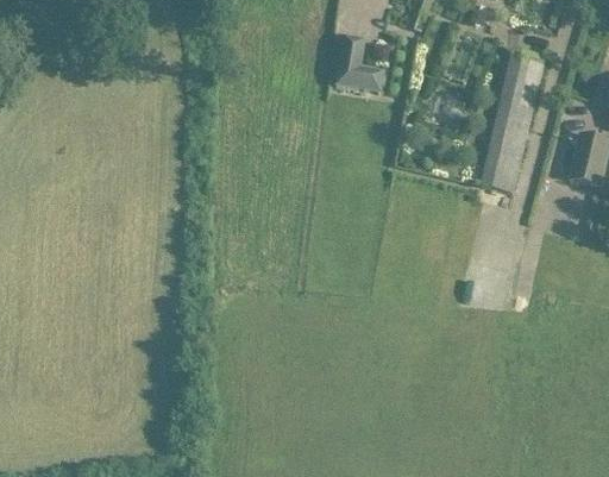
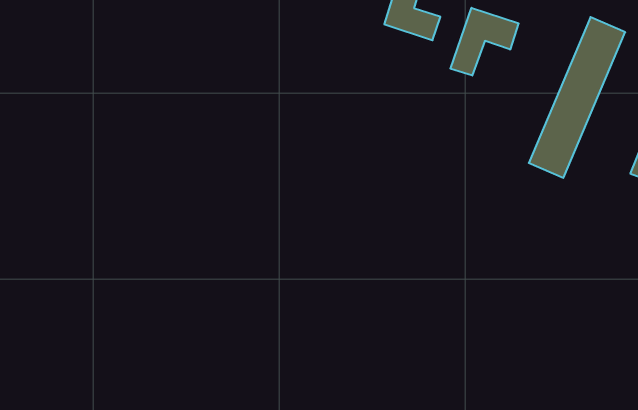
building: none -> [450,8,519,76]

